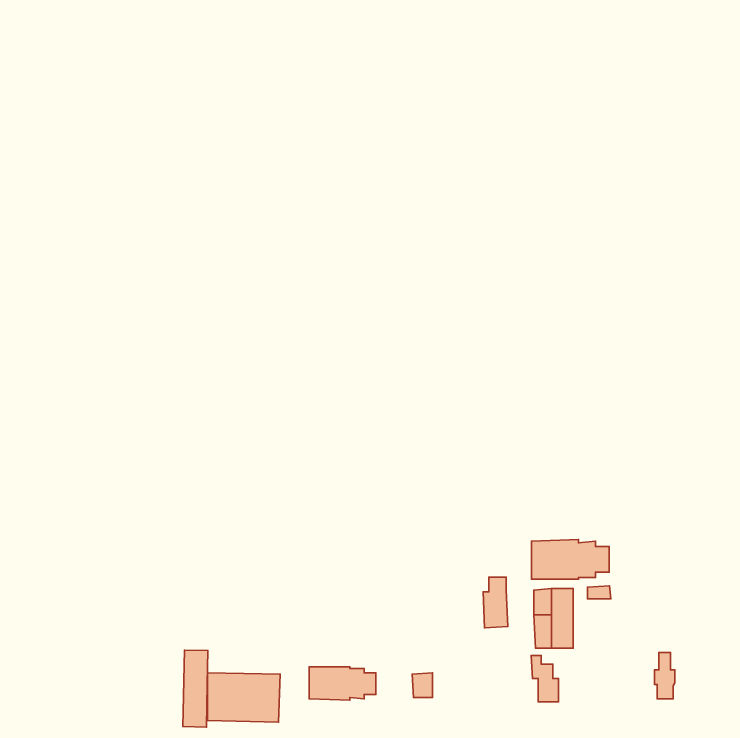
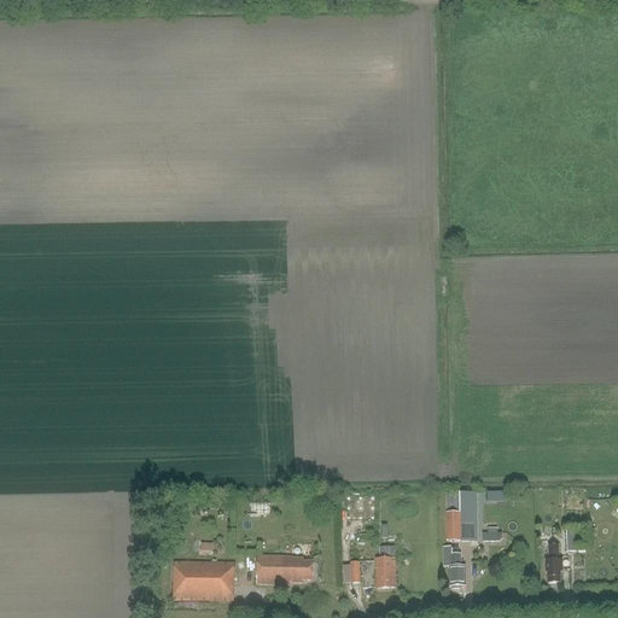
building: [531,539,609,579] -> none
building: [483,577,508,628] -> [375,544,396,587]
building: [183,650,208,727] -> none

